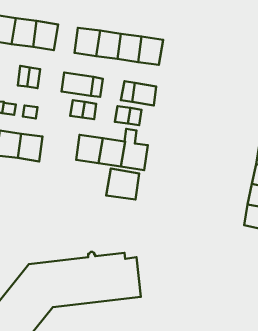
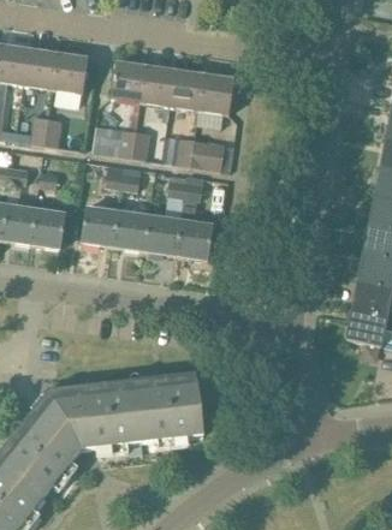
building: none -> [79,207,117,246]
building: [106,169,139,199] -> none

